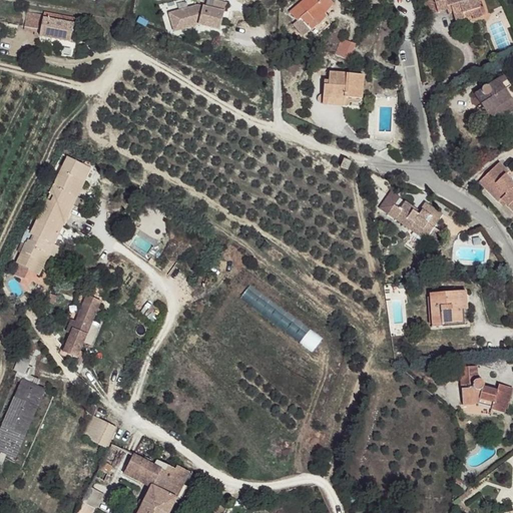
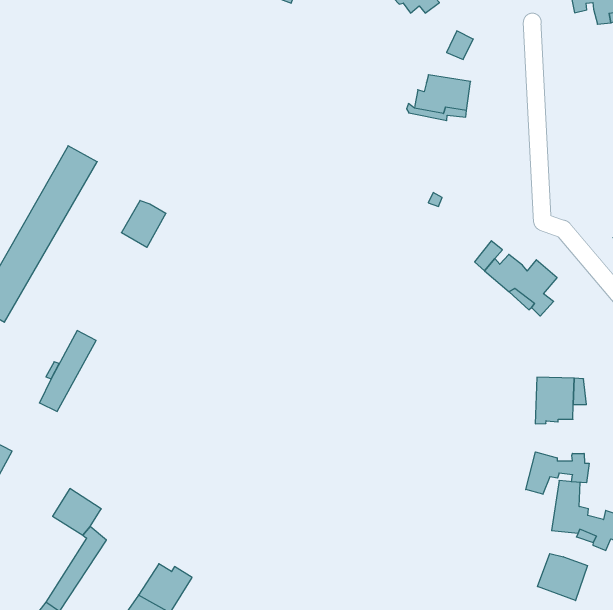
building: none -> [121,200,166,247]
building: none -> [526,452,589,494]
building: none -> [538,554,588,601]
building: [123,451,164,485] -> none

